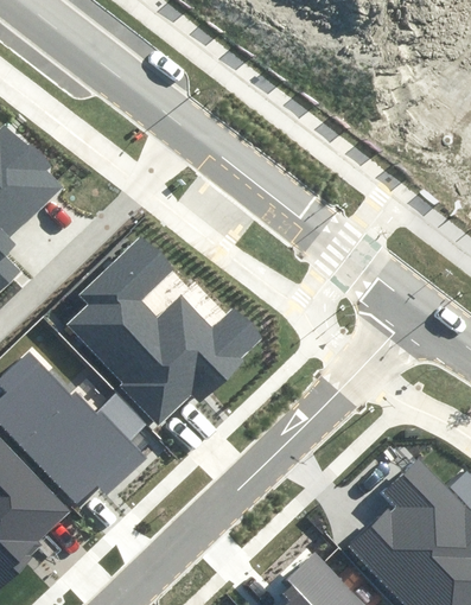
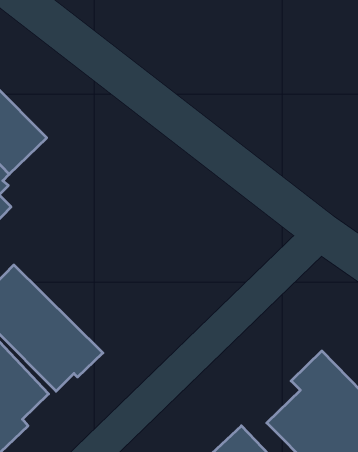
building: [63,235,266,425] -> none

